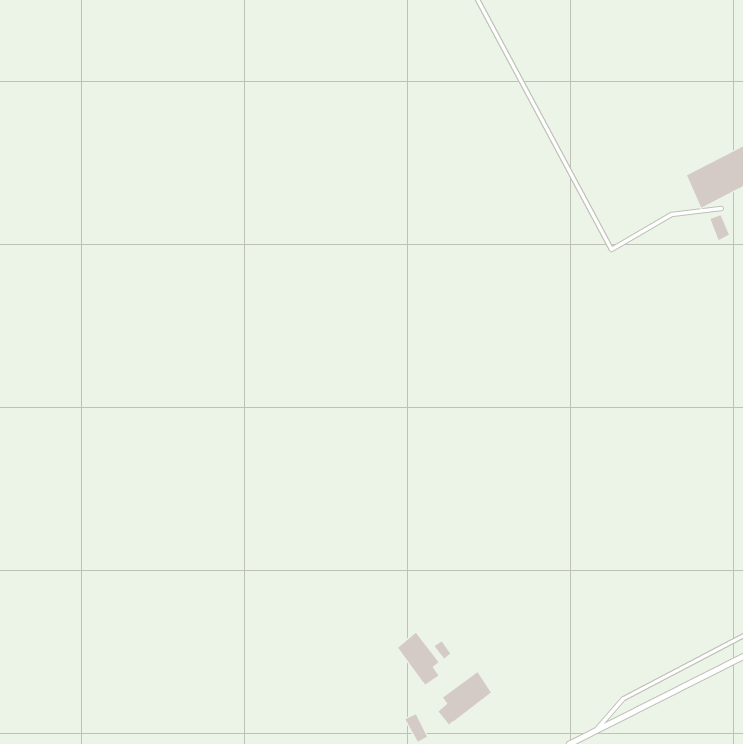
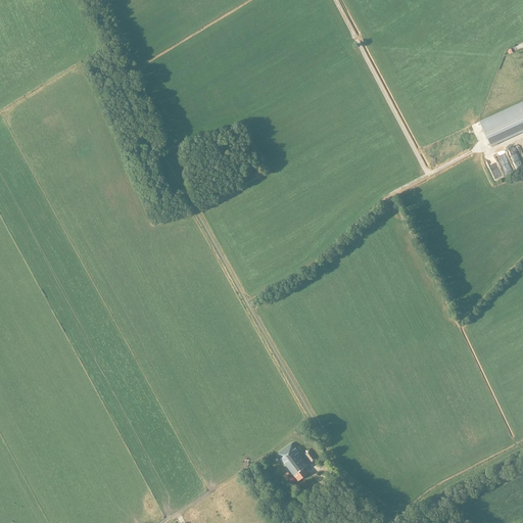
building: [437,671,492,725] -> none

